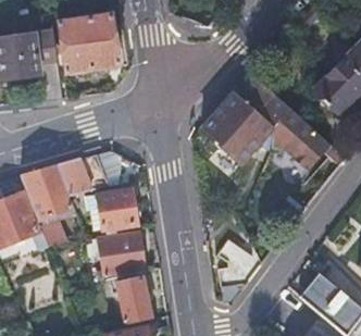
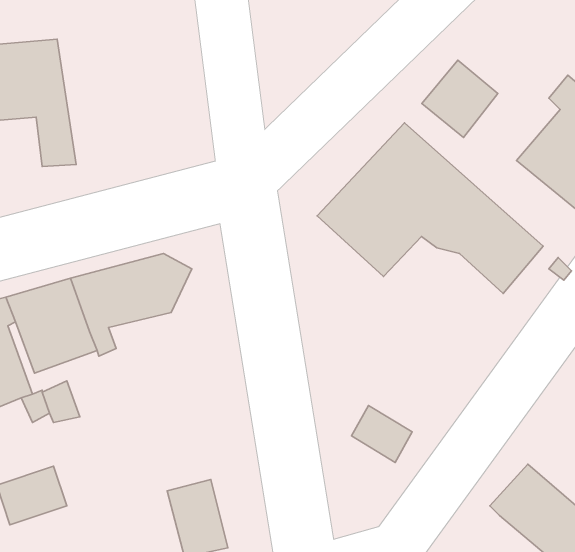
building: [60,13,119,70] -> none
building: none -> [422,60,498,137]
building: [90,190,138,232] -> none
building: [88,232,146,276] -> none

